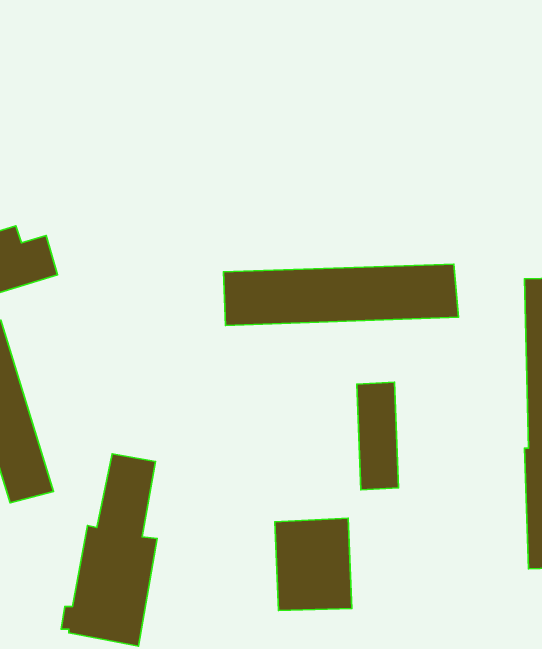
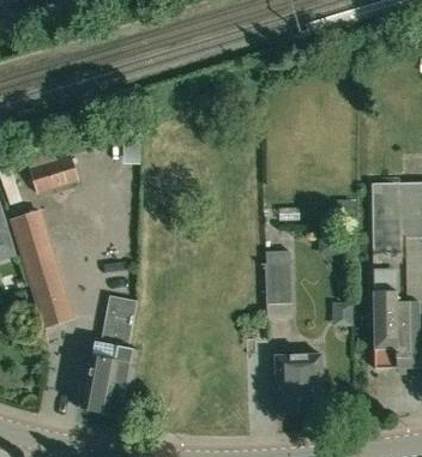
building: [223,264,458,325] -> none
building: [275,518,352,611] -> [273,353,322,411]

